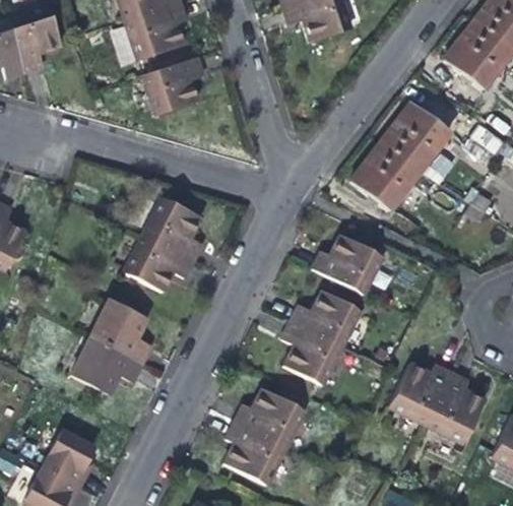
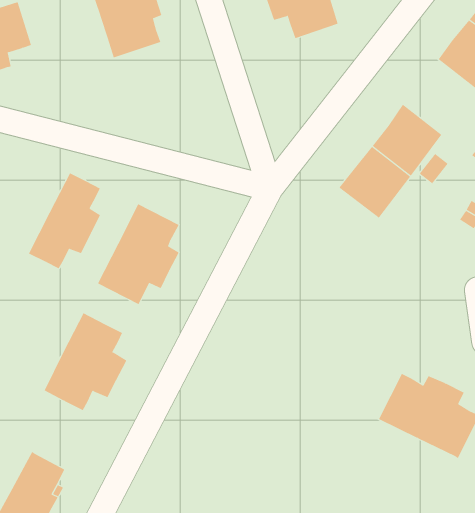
building: [141,53,202,112] -> none
building: none -> [28,173,101,269]
building: [313,233,384,294] -> none
building: [283,291,363,387] -> none
building: [227,387,306,482] -> none

